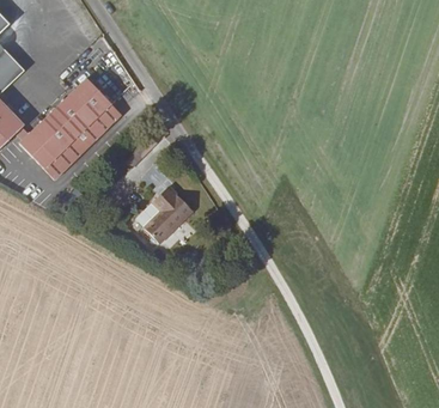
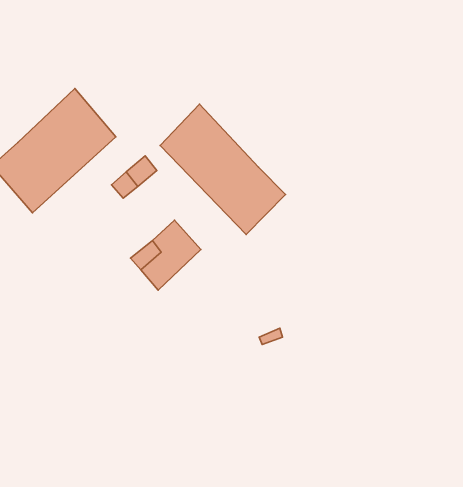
building: none -> [160,104,286,235]

